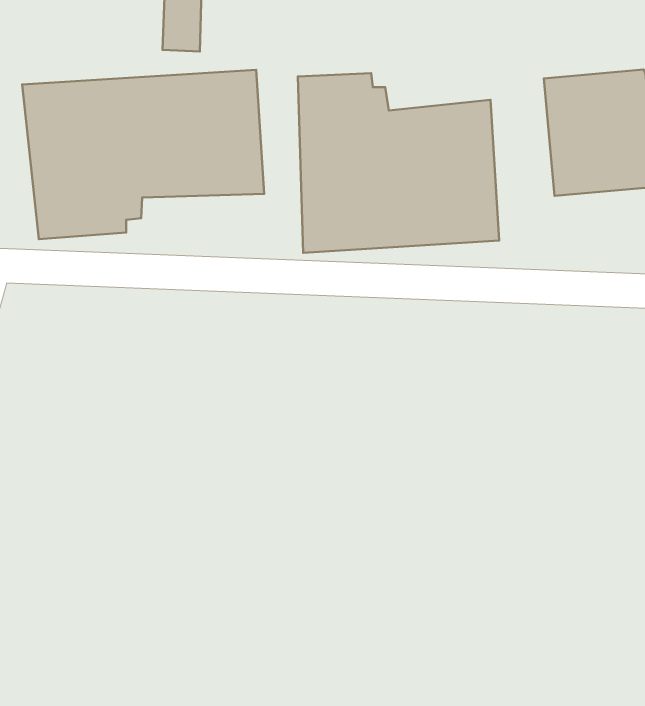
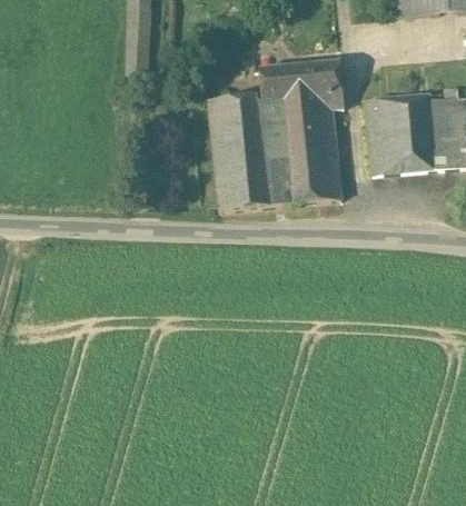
building: none -> [264,67,343,121]
building: [22,70,264,239] -> none

